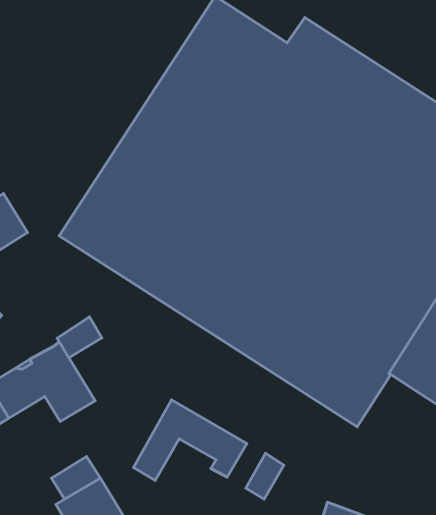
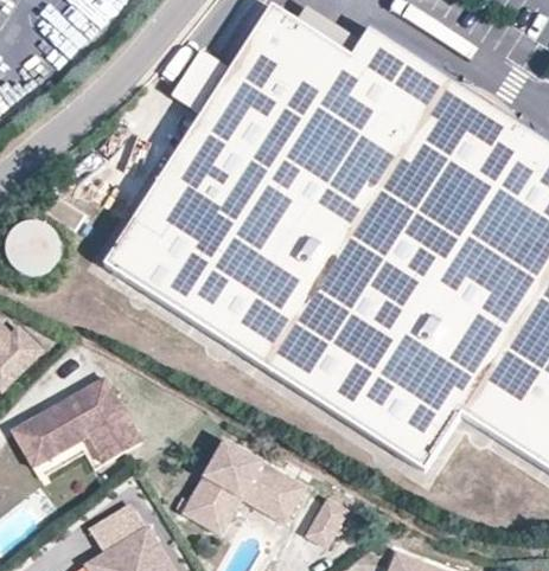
building: [57,317,102,358] -> none
building: none -> [206,483,273,535]

